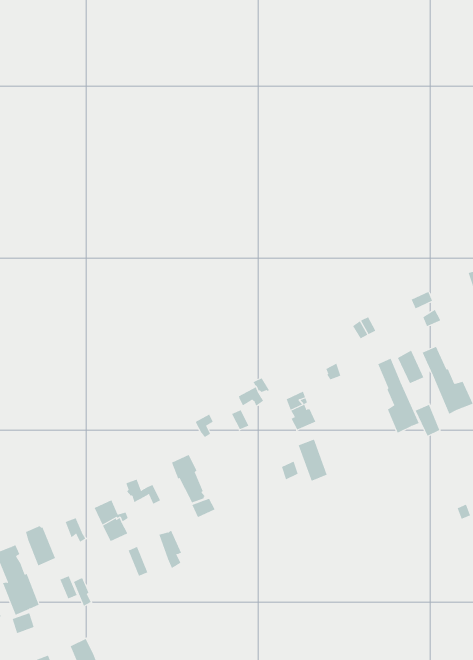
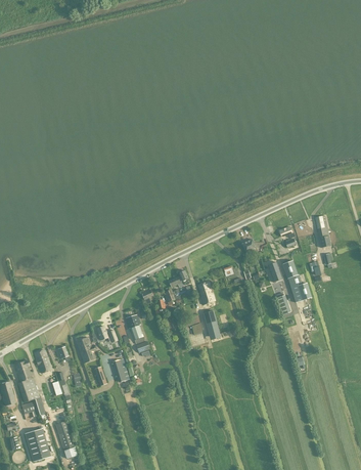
building: [377,358,420,434] -> none

